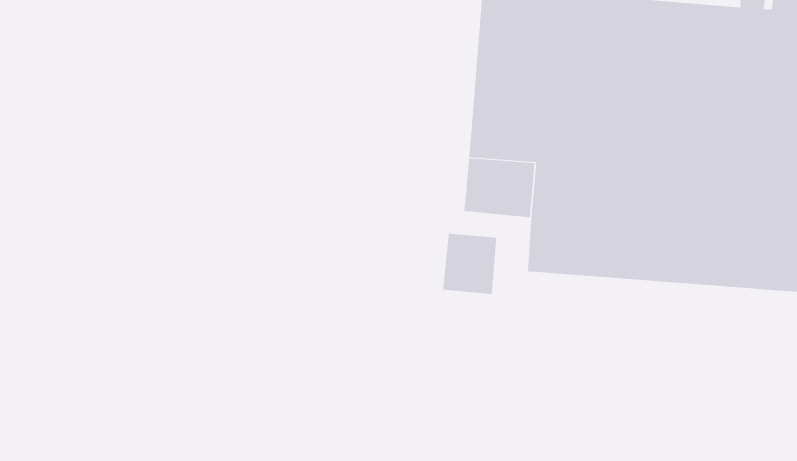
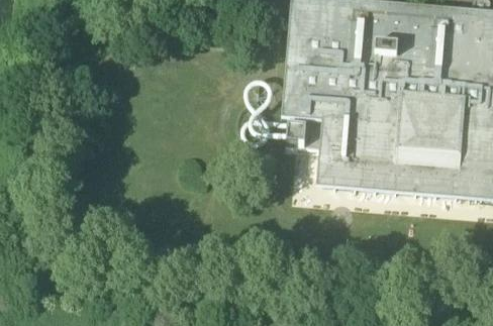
building: [442,233,497,295] -> none

